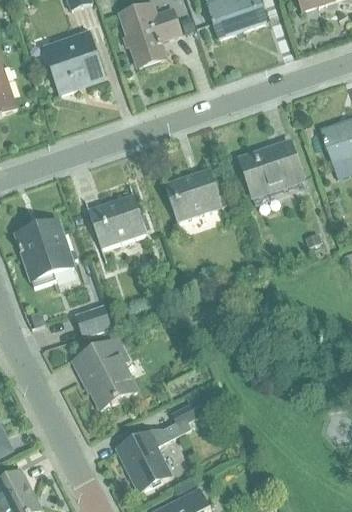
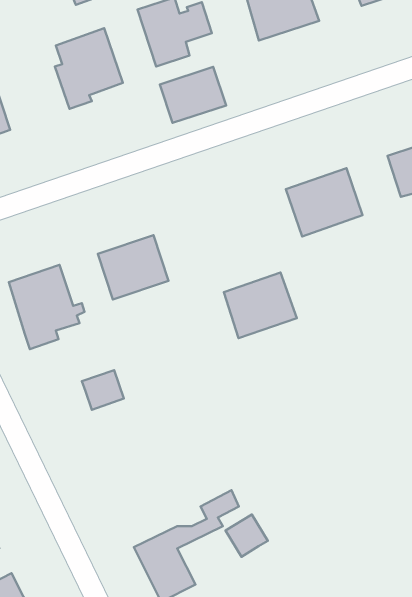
building: none -> [160,67,226,123]
building: [163,169,222,222] -> [224,272,297,338]
building: [72,338,136,409] -> none
building: none -> [226,514,268,557]

